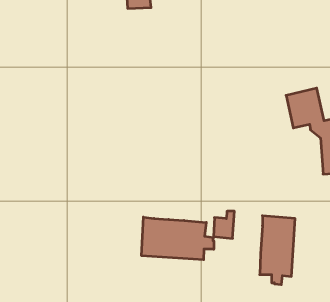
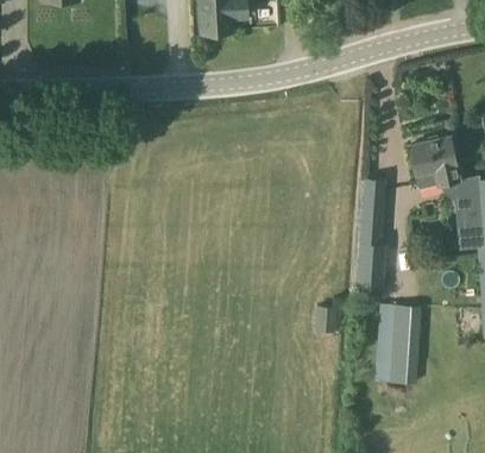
building: none -> [355,177,385,289]
building: [142,217,214,260] -> none

